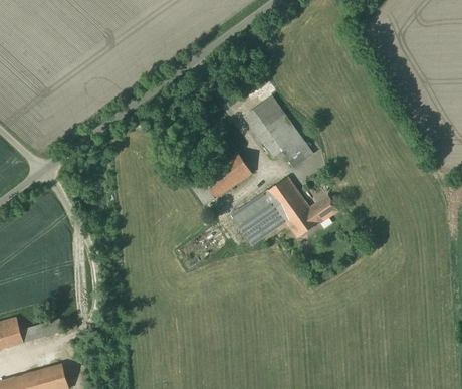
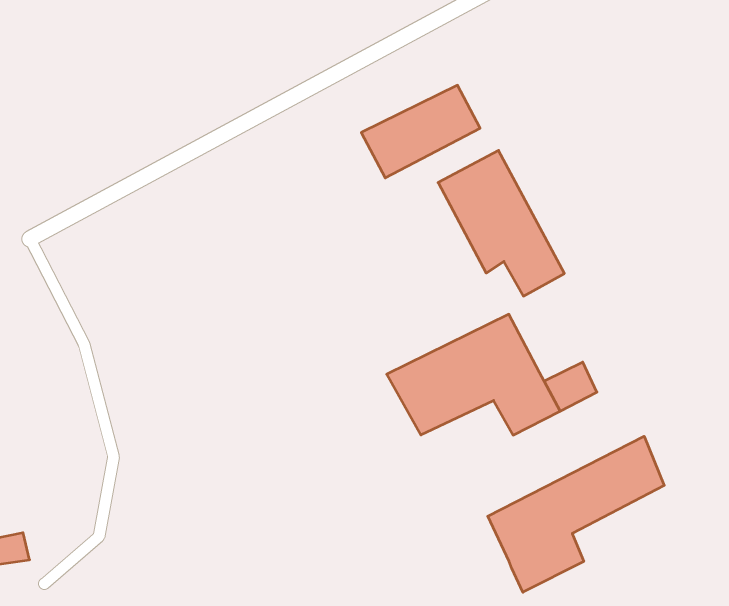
building: [192,152,251,203] -> [361,85,480,178]
building: none -> [488,436,664,592]

